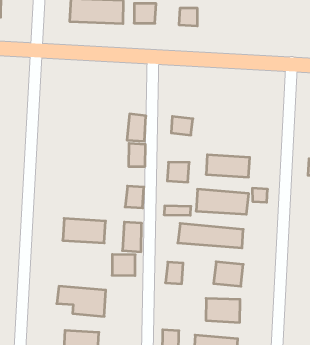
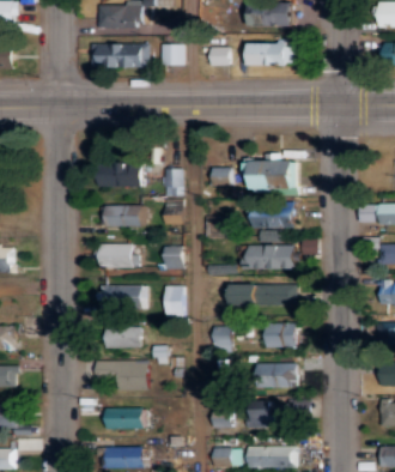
building: none -> [244,43,288,67]
building: none -> [244,152,299,190]
building: none -> [99,163,146,187]
building: none -> [99,204,146,226]
building: none -> [98,243,134,268]
building: [112,254,135,276] -> [115,325,141,349]

